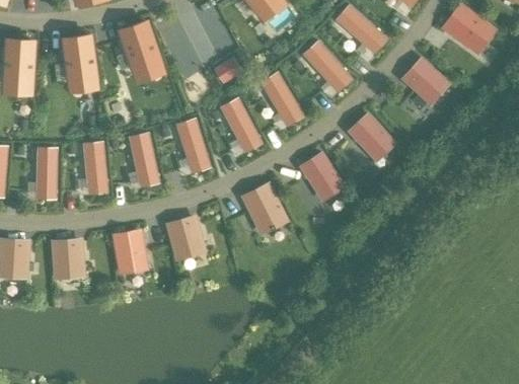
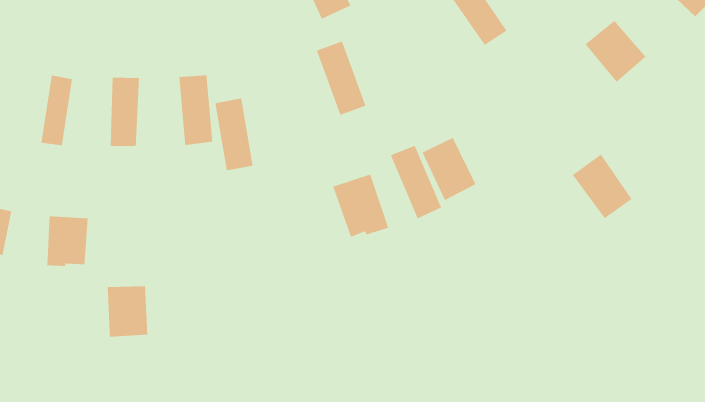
building: [262,73,302,124] -> [390,145,442,219]
building: [350,114,393,159] -> [572,153,632,219]
building: [177,119,210,170] -> [214,98,254,171]
building: [169,220,204,259] -> none
building: [115,233,147,272] -> [107,286,148,337]

